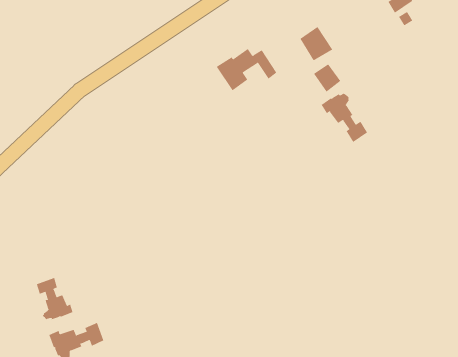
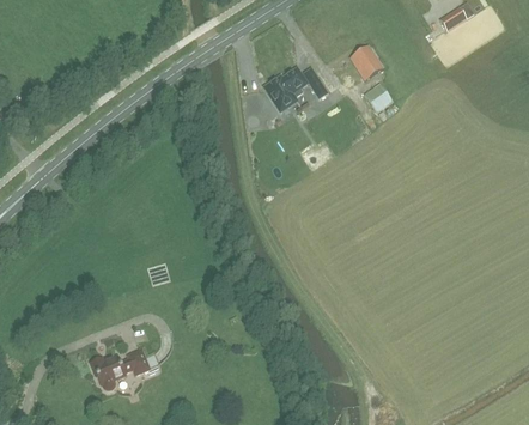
building: [321,92,368,143] -> none
building: [36,277,73,320] -> none

